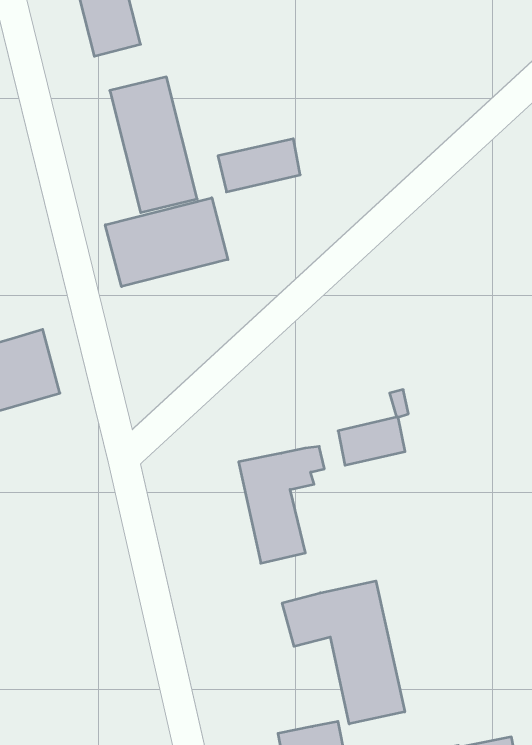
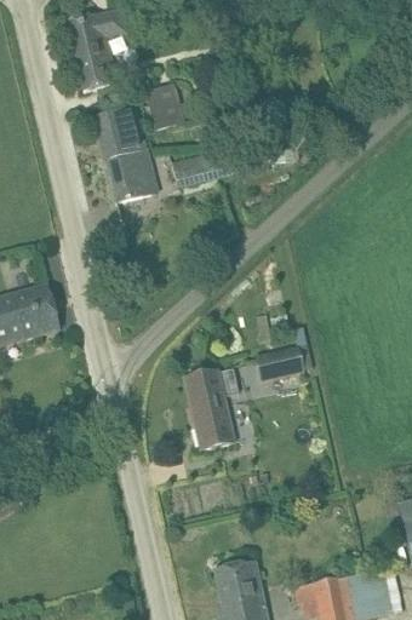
building: none -> [145,82,193,127]
building: [105,198,228,287] -> none
building: [282,581,405,724] -> none

